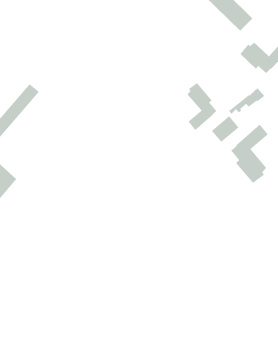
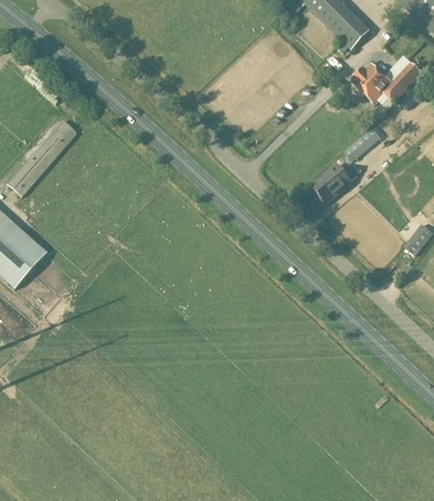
building: [187,82,217,131] -> none
building: [230,124,269,184] -> none

